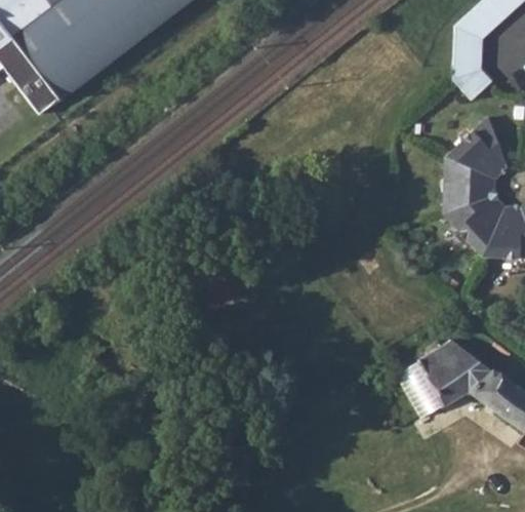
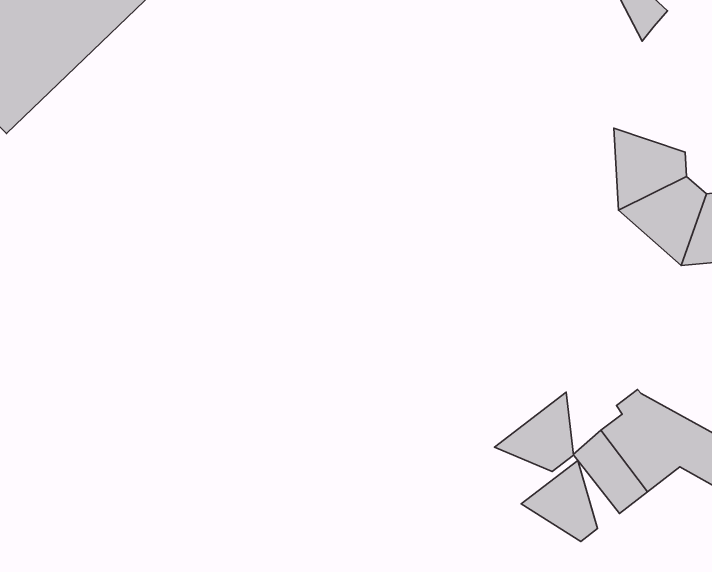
building: [448,119,507,179] -> none
building: none -> [495,392,573,472]
building: none -> [521,460,597,541]

